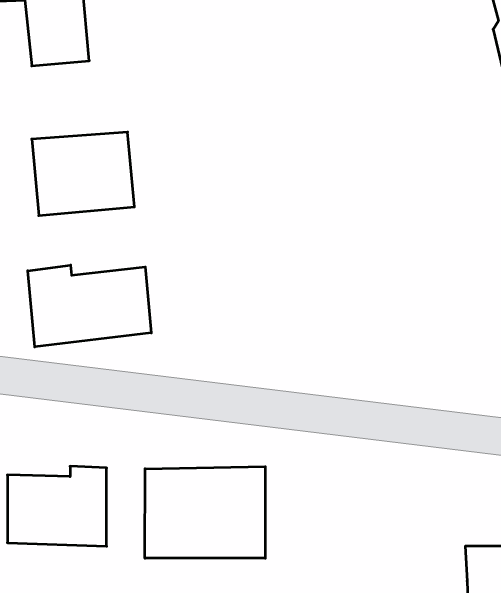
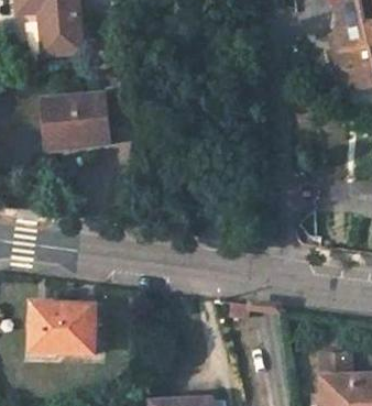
building: [28,265,151,347] -> none
building: [145,467,265,558] -> none

